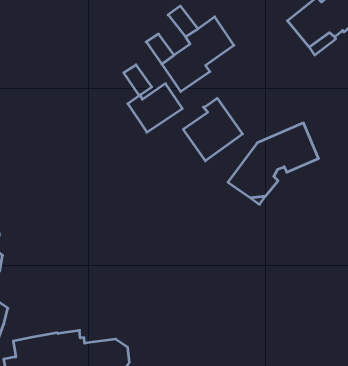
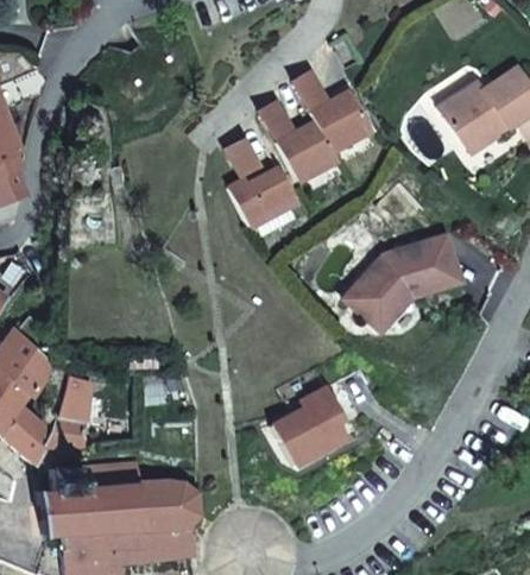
building: [183,98,243,161] -> none
building: none -> [272,387,347,465]
building: none -> [45,375,96,453]

